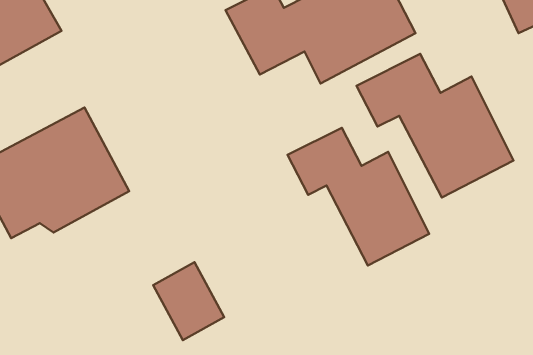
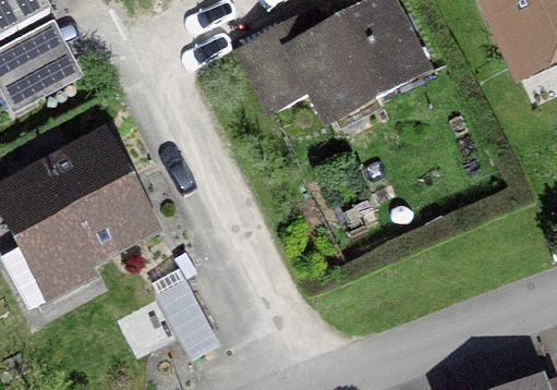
building: [356,54,514,198] -> none
building: [287,128,429,265] -> none

